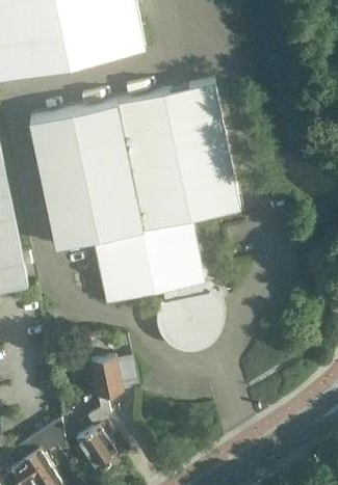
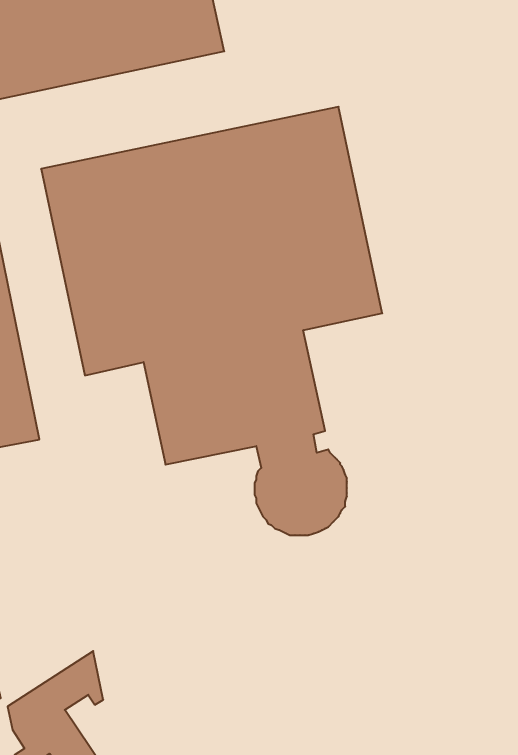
building: [76,358,123,471] -> none

